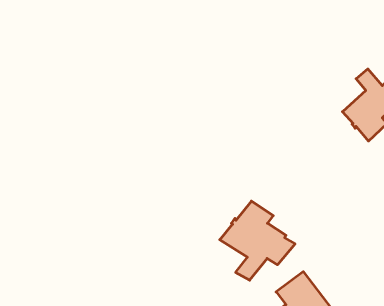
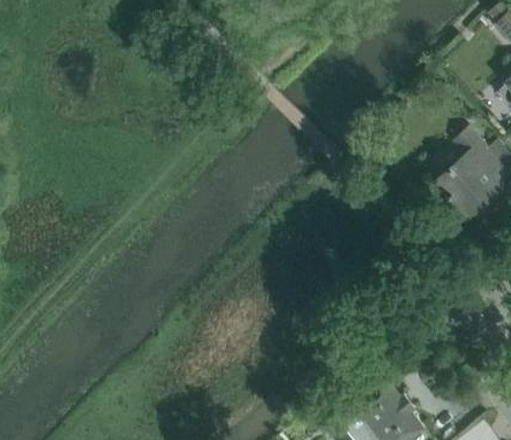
building: [220,201,295,280] -> none

